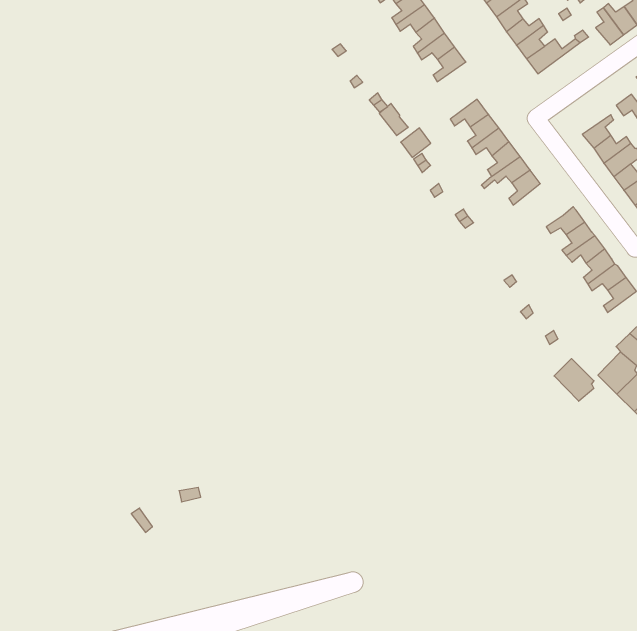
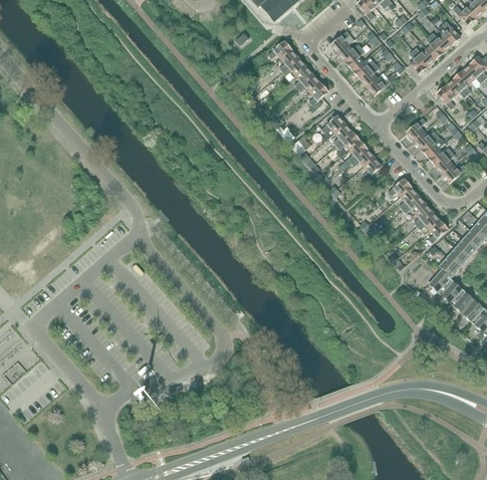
building: [554,359,594,401] -> none

